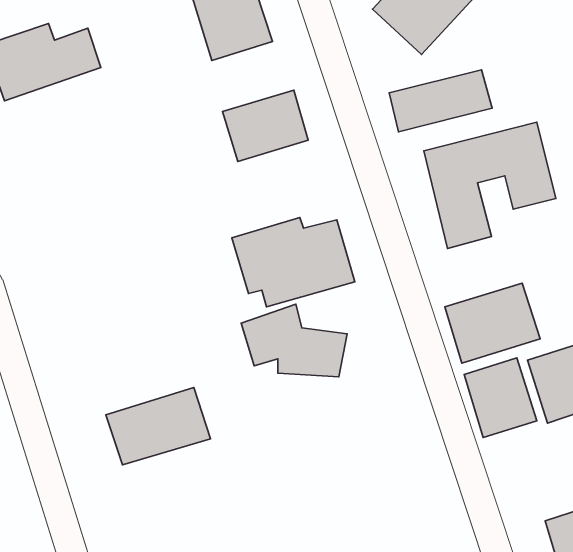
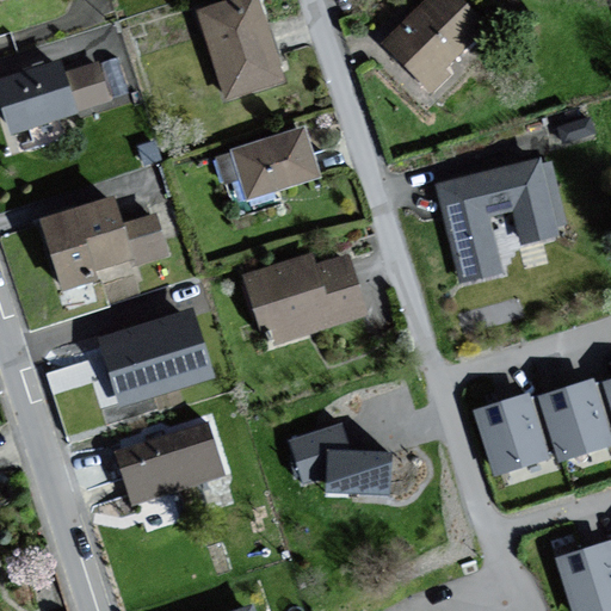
building: [389,70,492,132] -> none
building: none -> [42,197,163,288]
building: none -> [97,304,215,407]
building: [445,283,540,363] -> none
building: [241,304,347,377] -> [289,422,395,495]

